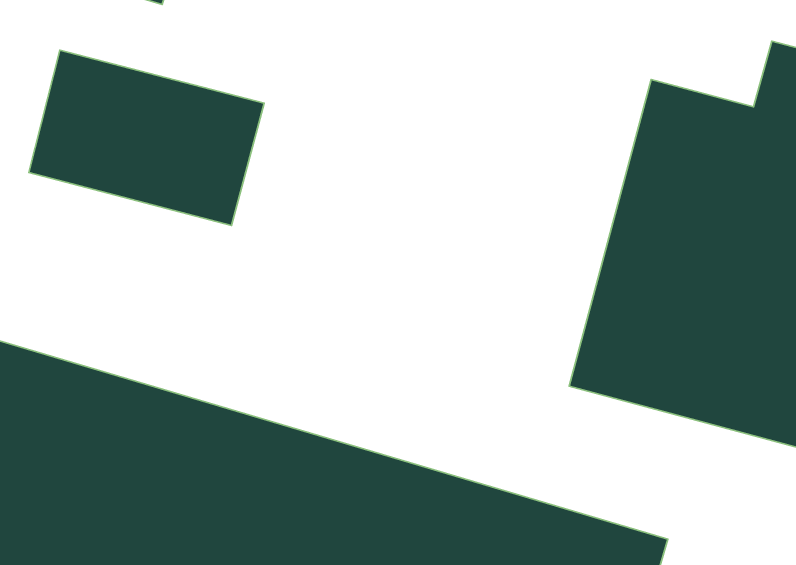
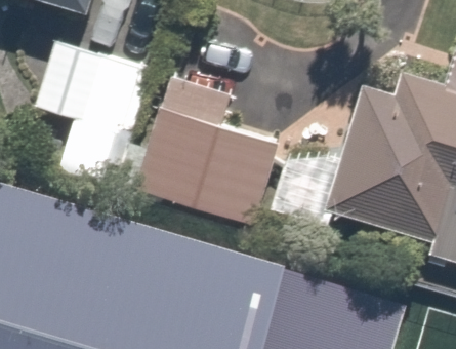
building: none -> [144,113,291,225]

